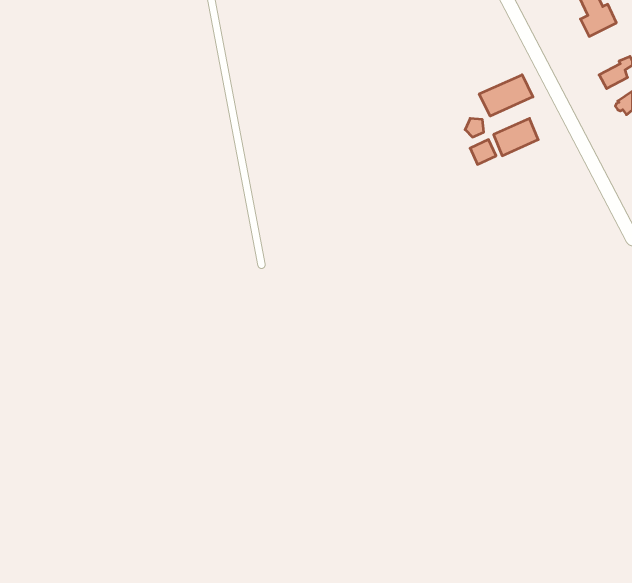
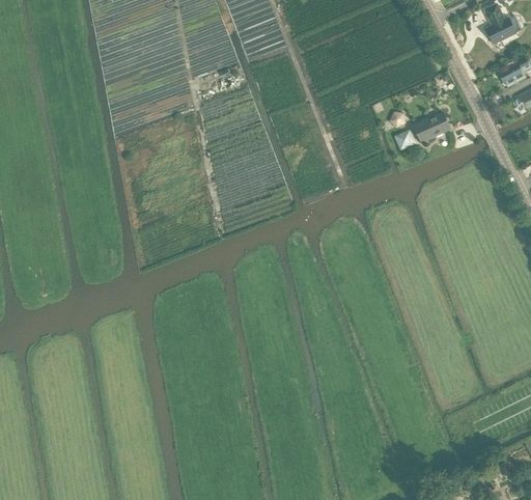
building: [479,75,533,116] -> none

